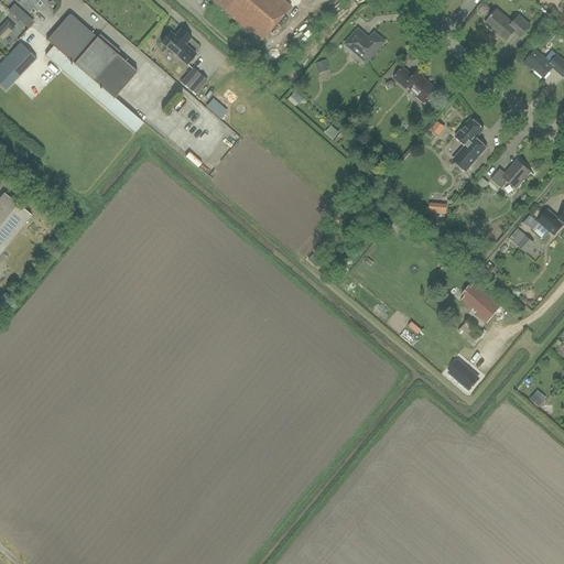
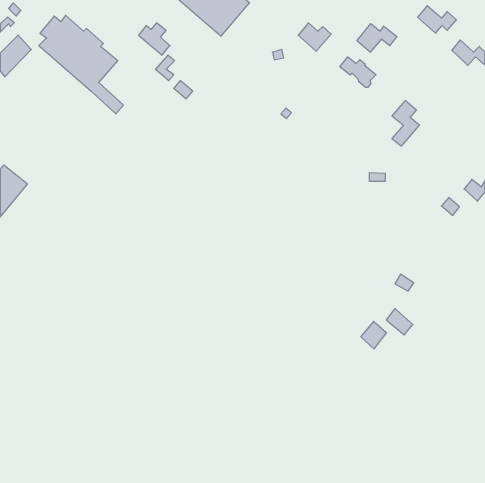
building: none -> [357,24,397,52]
building: [491,159,530,186] -> none
building: [460,281,500,321] -> none
building: none -> [361,321,387,349]

